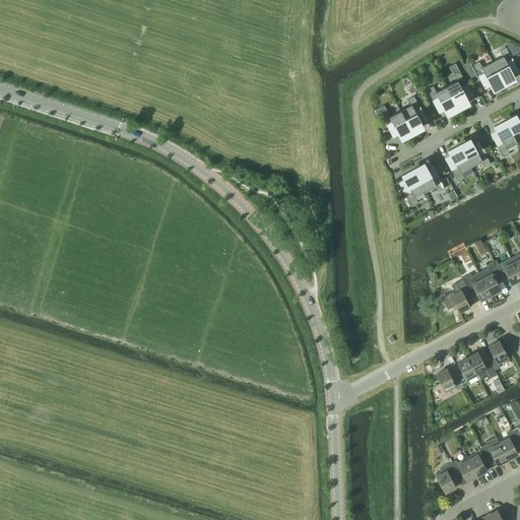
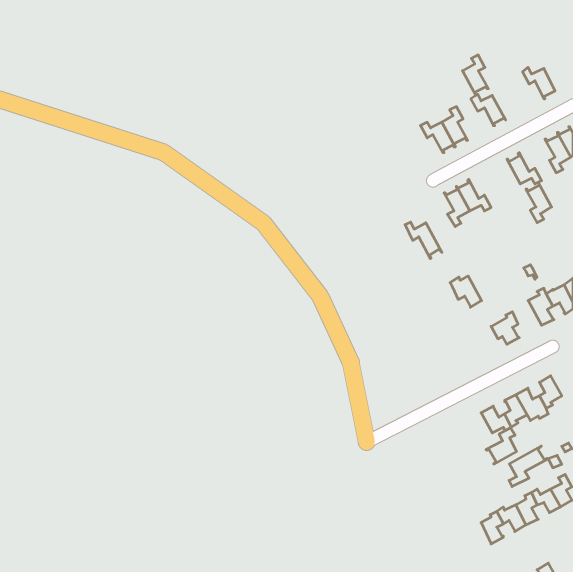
building: [493,48,515,85] -> none
building: [446,73,469,110] -> [462,55,488,95]
building: [448,145,471,182] -> [526,182,552,223]
building: none -> [405,222,442,259]
building: [462,273,491,302] -> [450,276,482,307]
building: none -> [486,428,516,464]
building: none -> [509,446,548,487]

